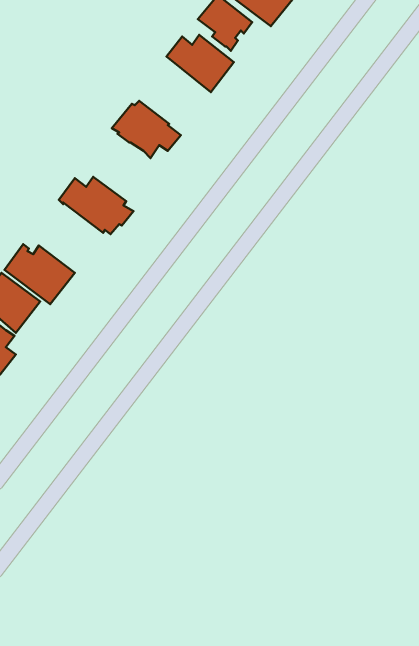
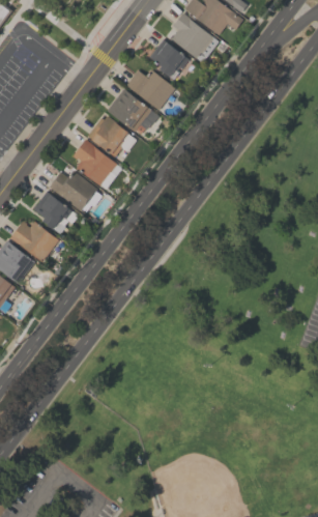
building: none -> [108,89,160,134]
building: none -> [73,139,117,185]
building: none -> [34,193,77,234]

